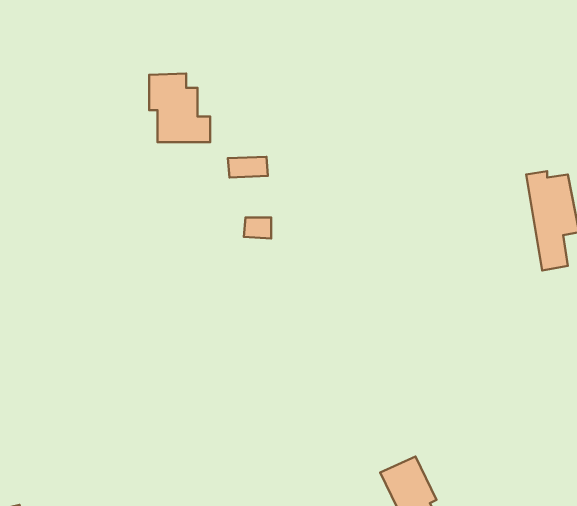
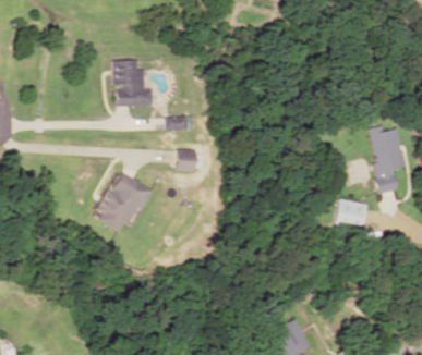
building: none -> [95,170,155,232]
building: none -> [335,198,366,228]

